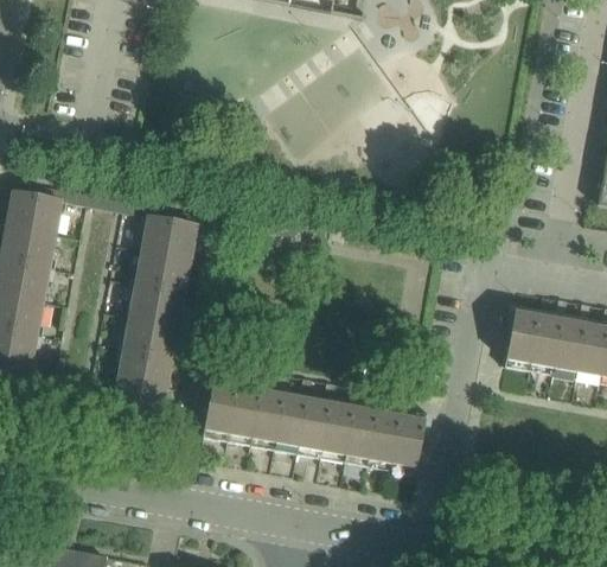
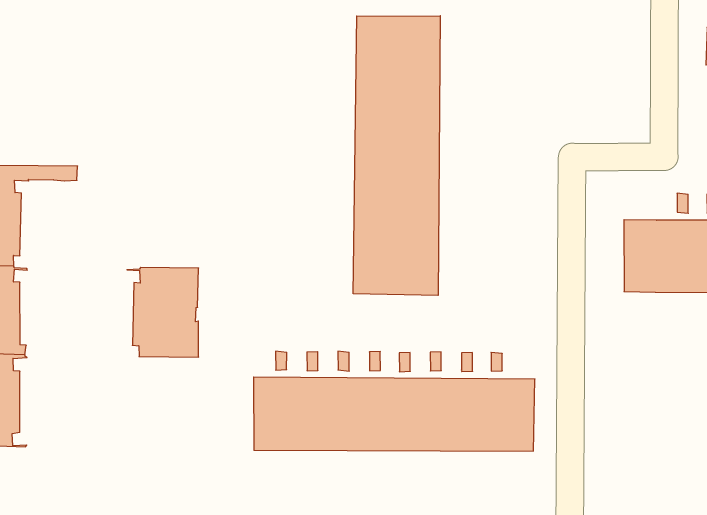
building: none -> [353,16,440,295]
building: [103,195,196,288] -> none
building: [104,346,172,425] -> none

